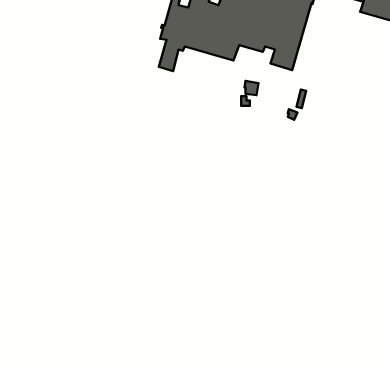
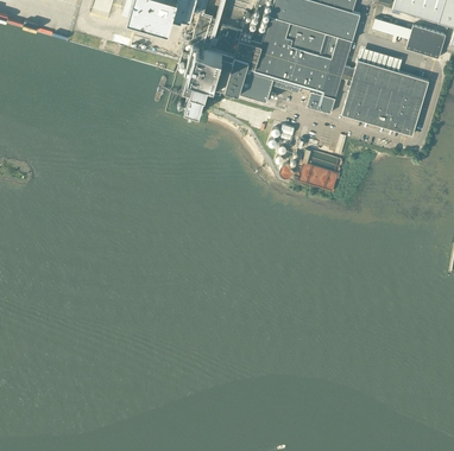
building: none -> [341,61,428,135]

